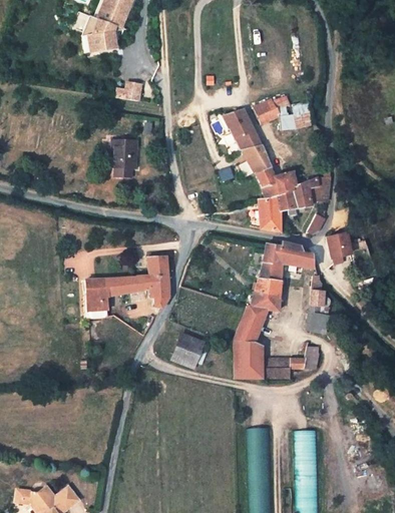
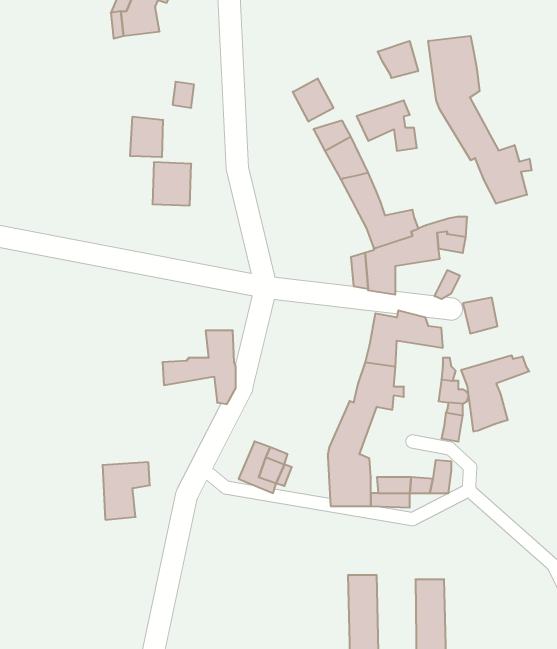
building: none -> [428,36,532,204]
building: none -> [378,41,418,78]
building: none -> [293,78,333,122]
building: none -> [130,117,163,157]
building: none -> [461,355,529,432]
building: [86,278,119,318] -> [102,462,150,520]

